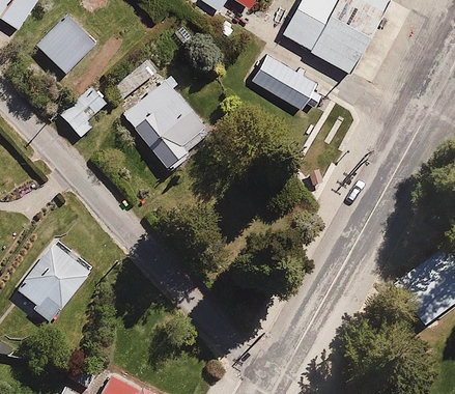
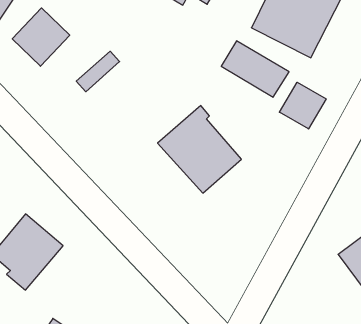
building: [117,75,209,171] -> [158,106,241,193]
building: [58,85,106,137] -> none
building: none -> [279,82,326,129]

